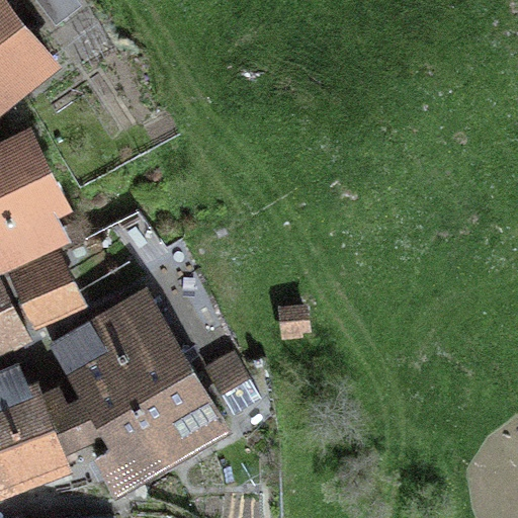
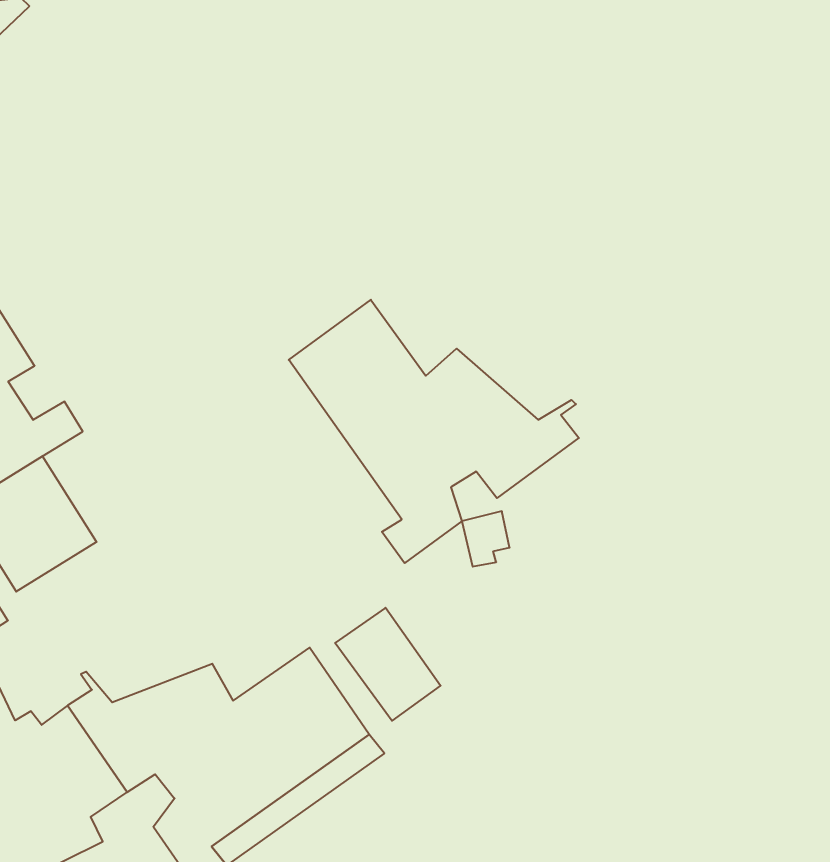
building: none -> [289,300,579,563]
building: [54,289,192,395] -> none

